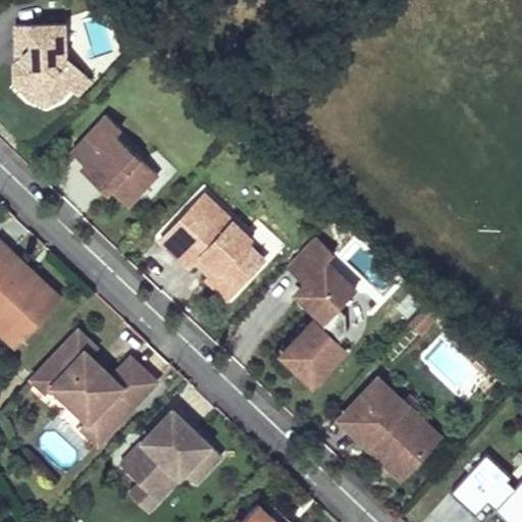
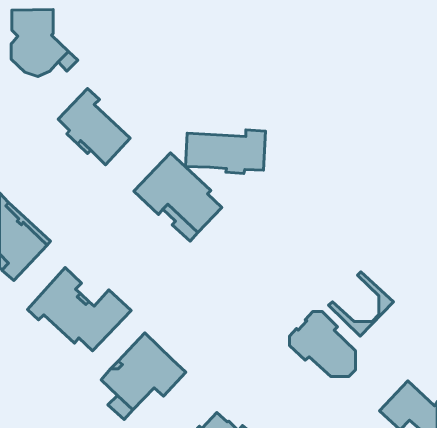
building: none -> [185,130,266,173]
building: [281,236,356,384] -> none
building: [363,401,440,477] -> [328,272,393,336]

